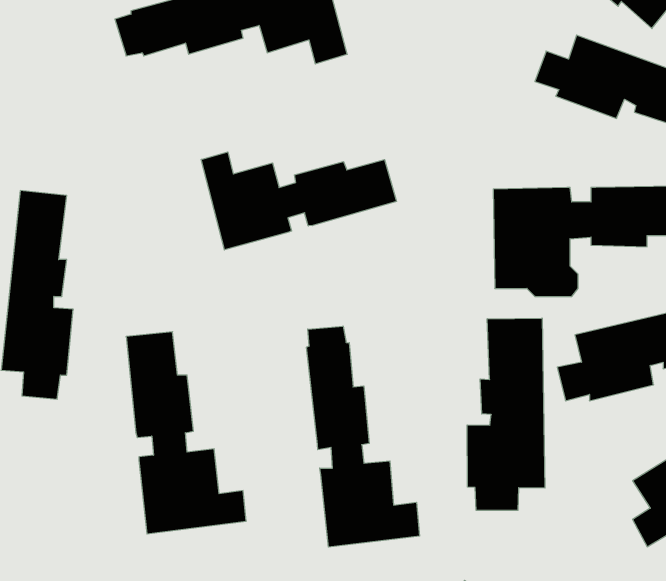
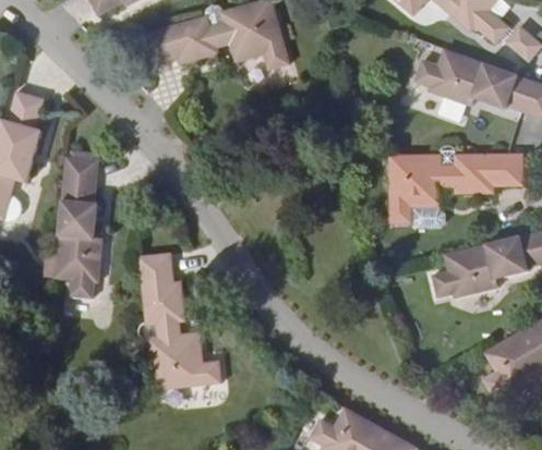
building: [201,152,396,250] -> none
building: [467,318,545,510] -> none
building: [307,326,419,547] -> none

